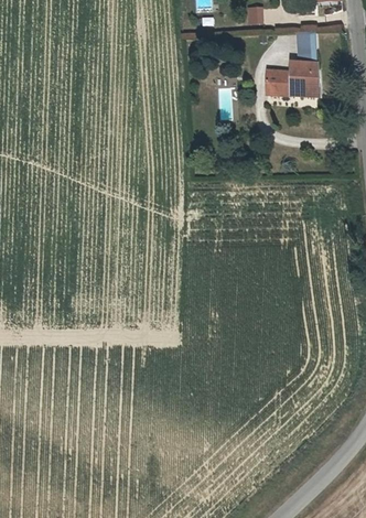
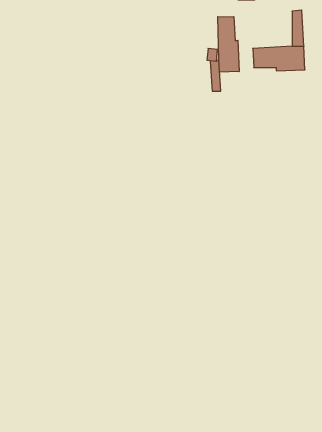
building: none -> [218,17,239,72]

